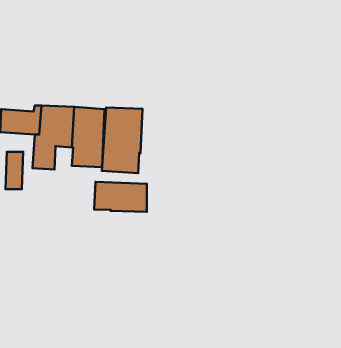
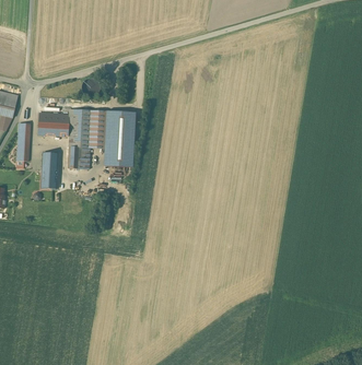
building: [102,107,143,173] -> none
building: [94,182,147,212] -> none

